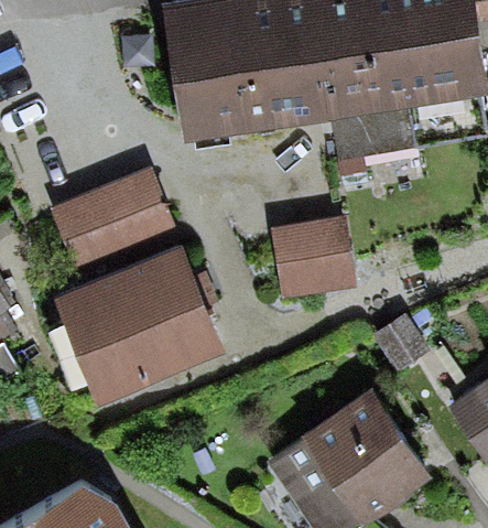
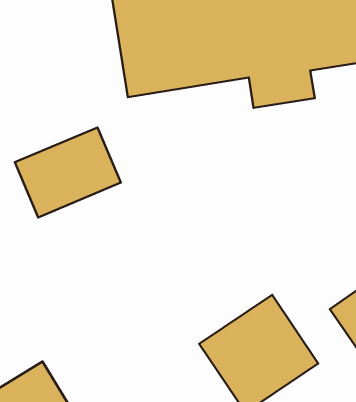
building: [272,226,354,302] -> none
building: [53,245,227,409] -> none

